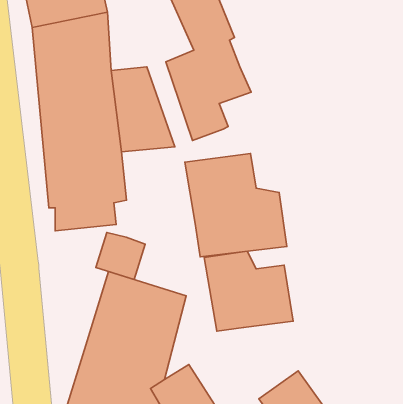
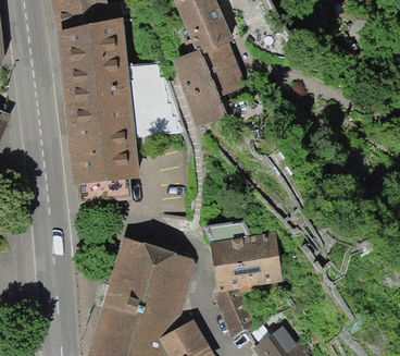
building: [185,153,287,257] -> none
building: [96,232,145,279] -> none
building: none -> [214,286,251,336]

